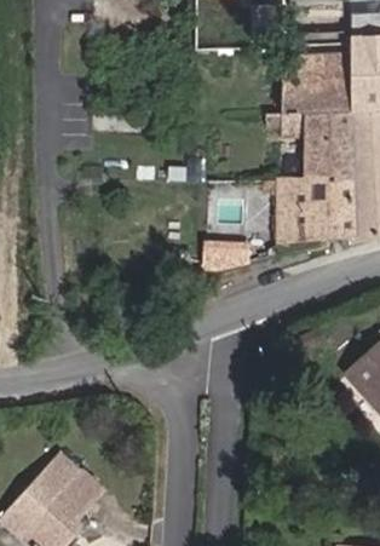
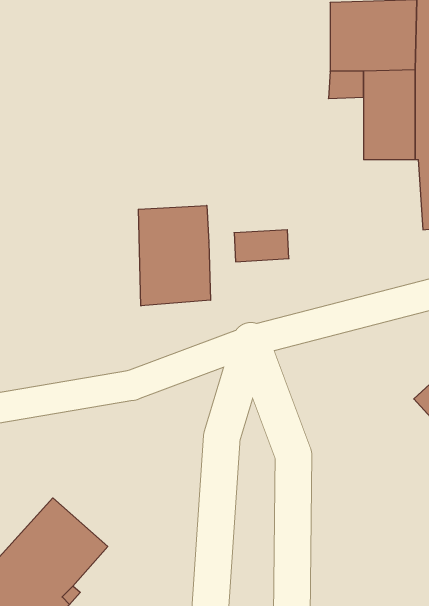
building: [278,183,355,243] -> none
building: none -> [138,205,211,306]

